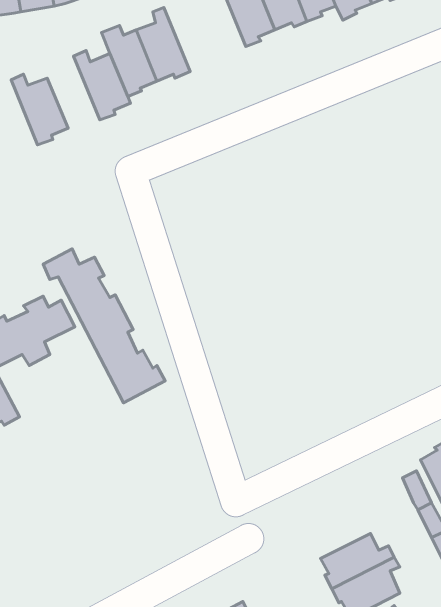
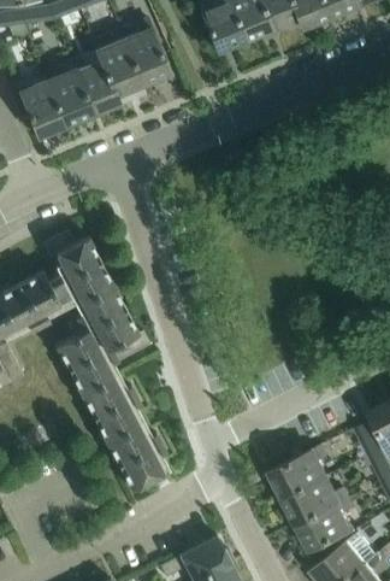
building: none -> [46,63,91,125]
building: none -> [54,316,165,491]
building: none -> [266,446,326,499]

